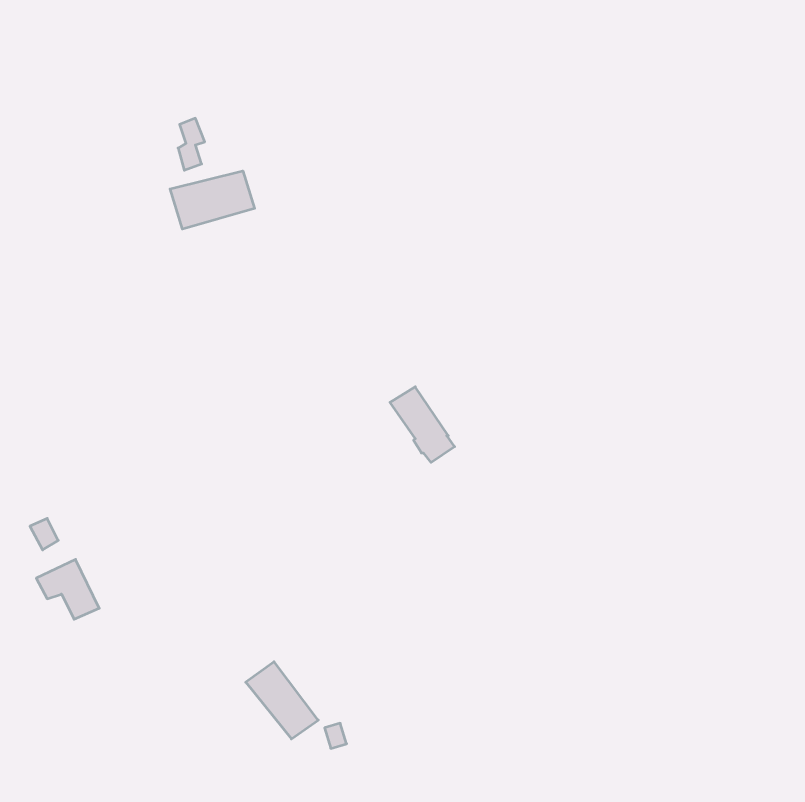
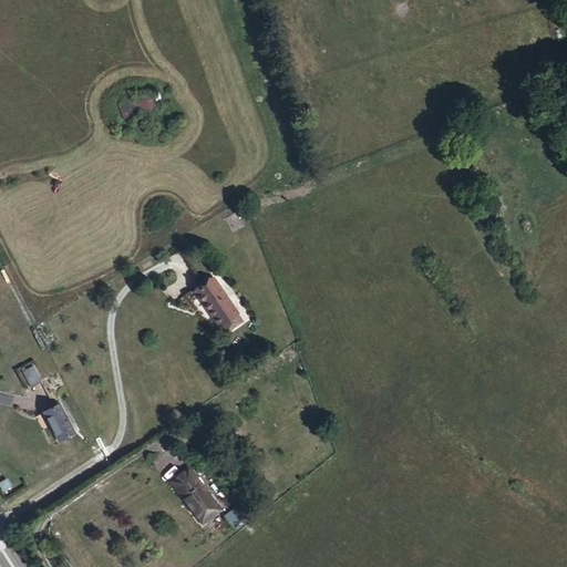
building: [170,171,255,229] -> none
building: [390,387,455,462] -> [196,279,241,332]

